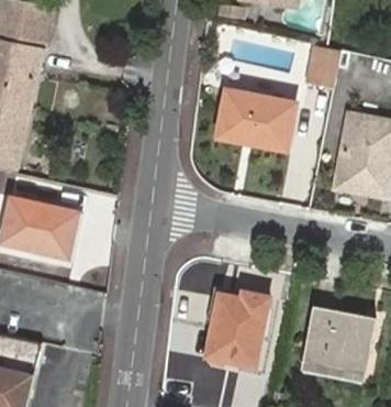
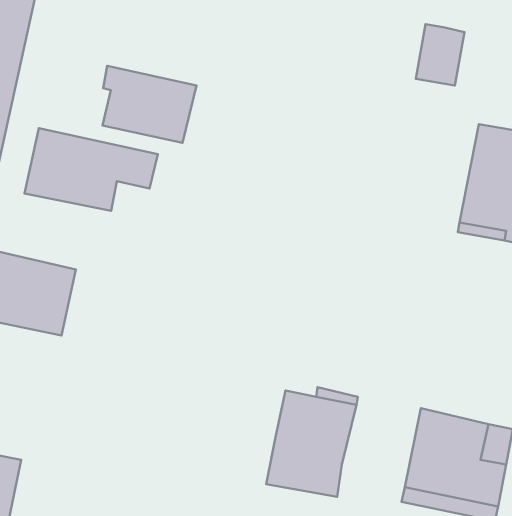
building: none -> [102,66,196,143]
building: [219,88,297,147] -> none
building: none -> [24,128,158,211]

